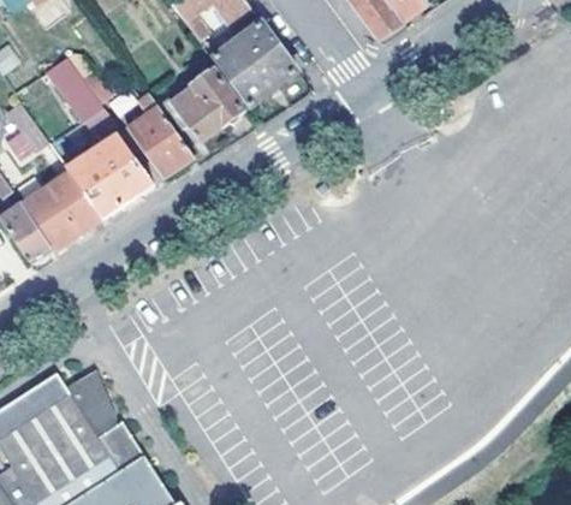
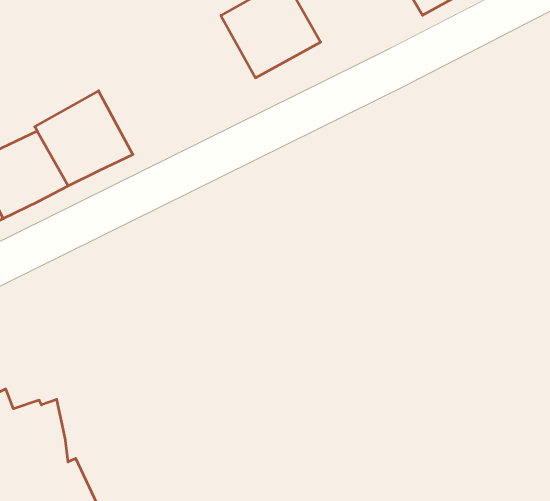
building: [54,67,114,131] -> none
building: [163,69,242,139] -> none
building: [125,88,192,176] -> none

